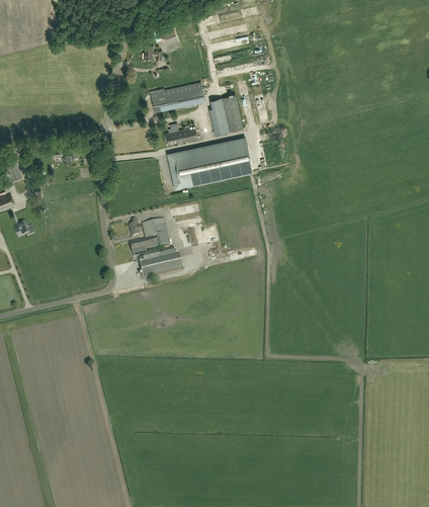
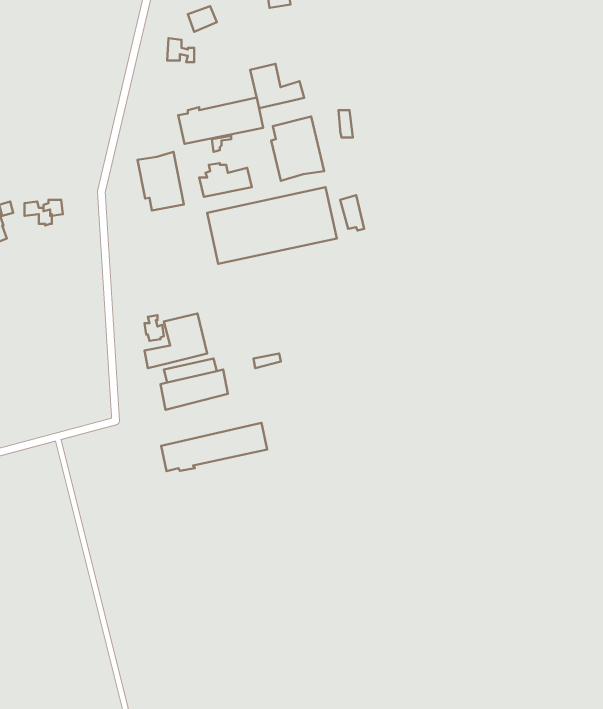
building: none -> [250,64,304,108]
building: none -> [138,152,184,210]
building: none -> [161,423,267,471]

